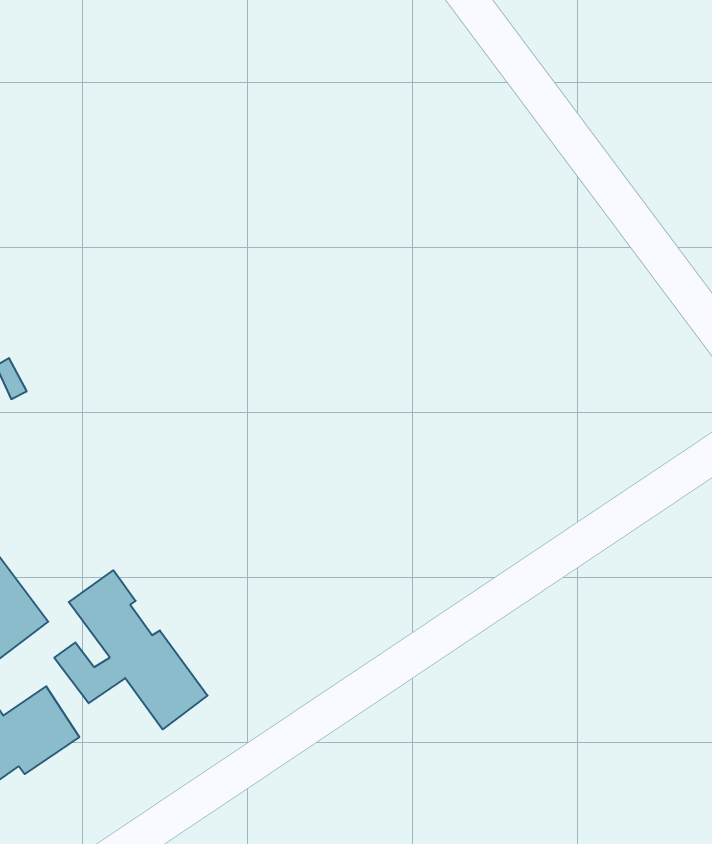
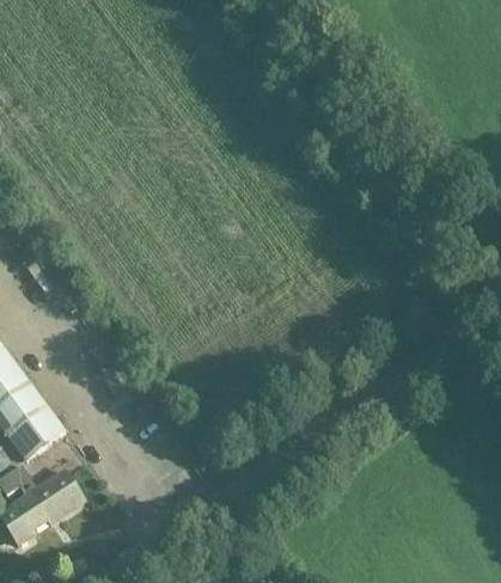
building: [54,570,208,729] -> none

